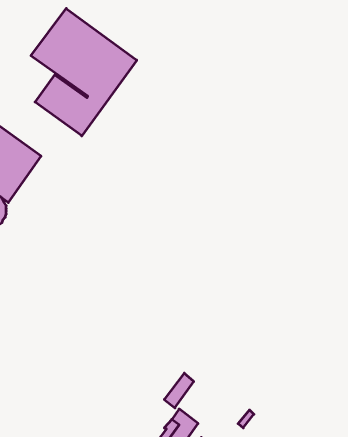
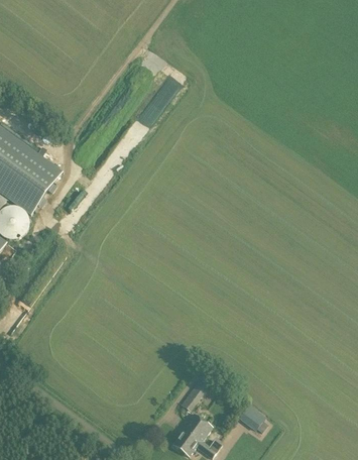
building: [31,8,137,136] -> none

